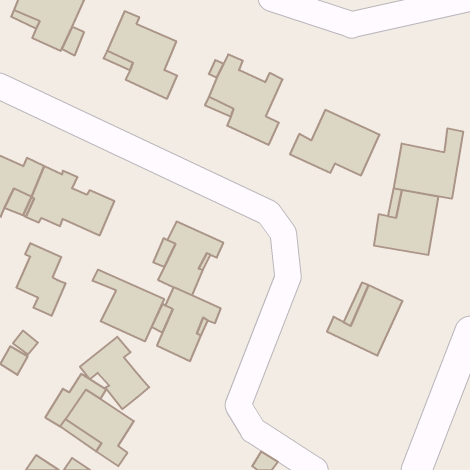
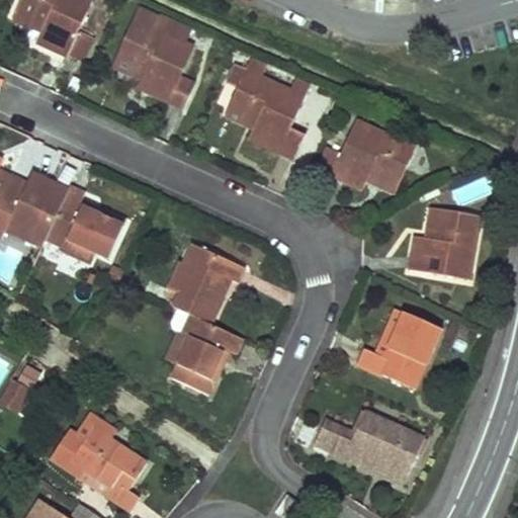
building: [394,128,463,199] -> none
building: [16,243,65,316] -> none
building: [93,270,164,341] -> none
building: [80,337,149,409] -> none
building: none -> [313,411,425,483]

